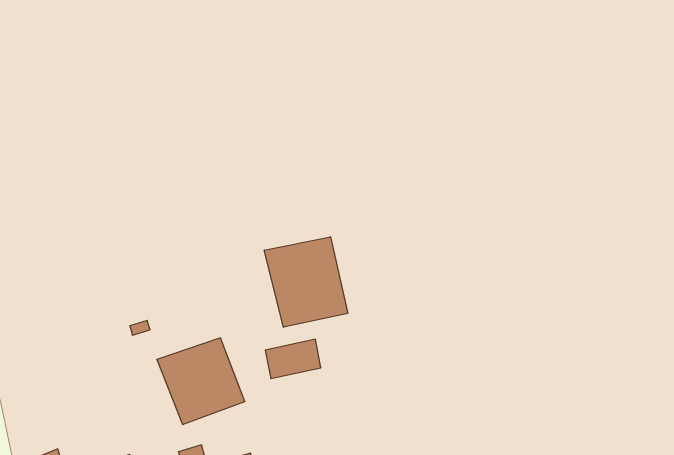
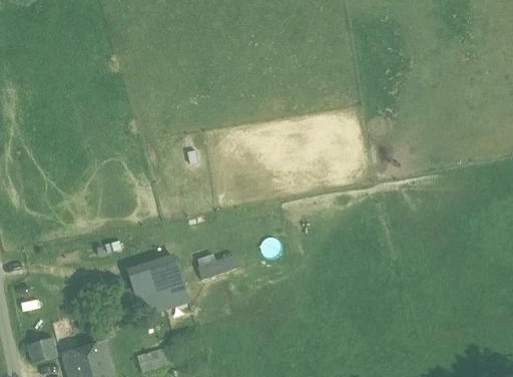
building: [264,237,348,327] -> none

